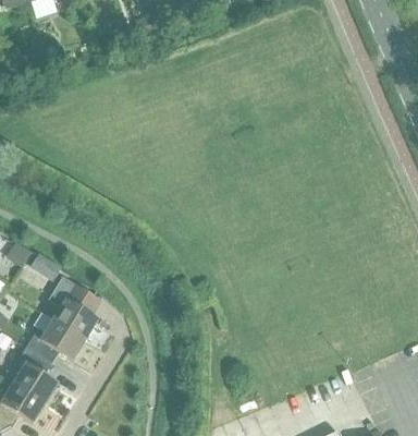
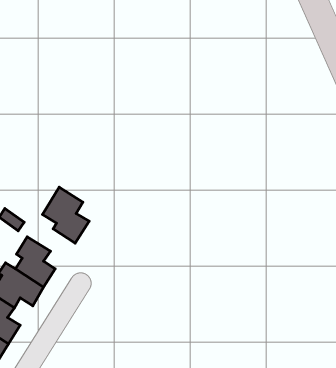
building: none -> [43,187,89,243]

